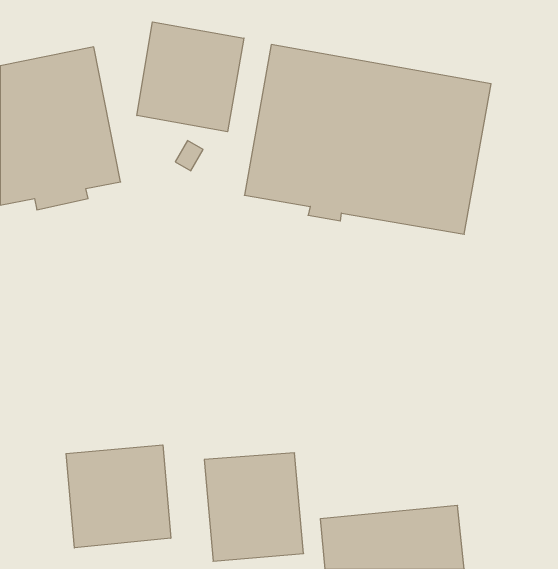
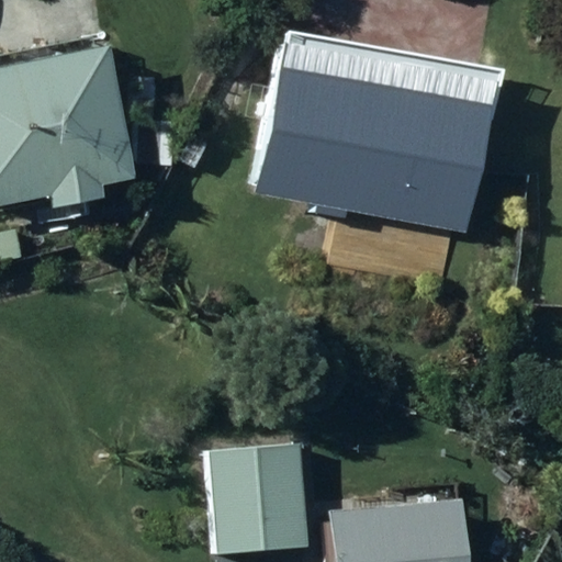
building: [137,22,244,132] -> none
building: [66,445,171,548] -> none

